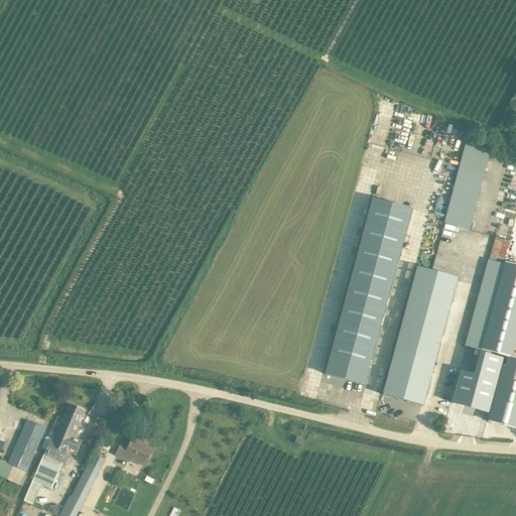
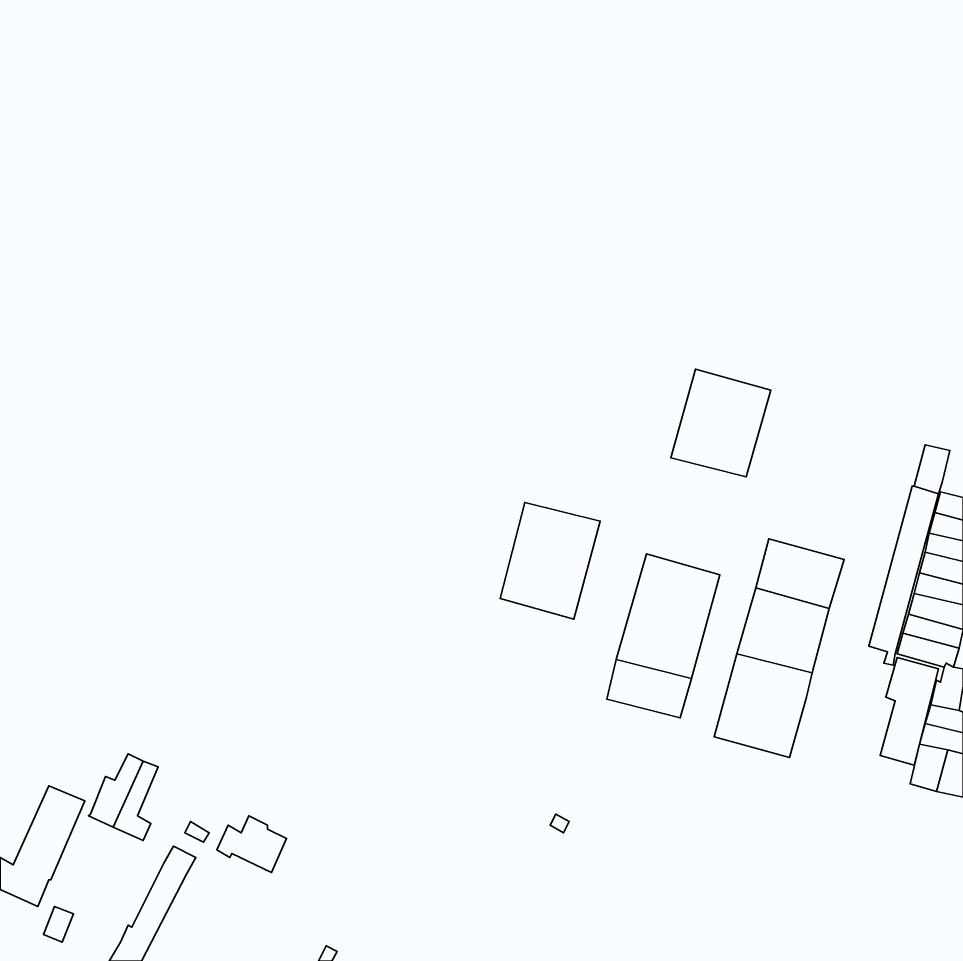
building: [444,142,490,229] -> none
building: [346,245,399,307] -> [500,502,600,619]
building: [411,267,457,299] -> none
building: [453,369,479,404] -> none
building: [32,436,77,488] -> none

